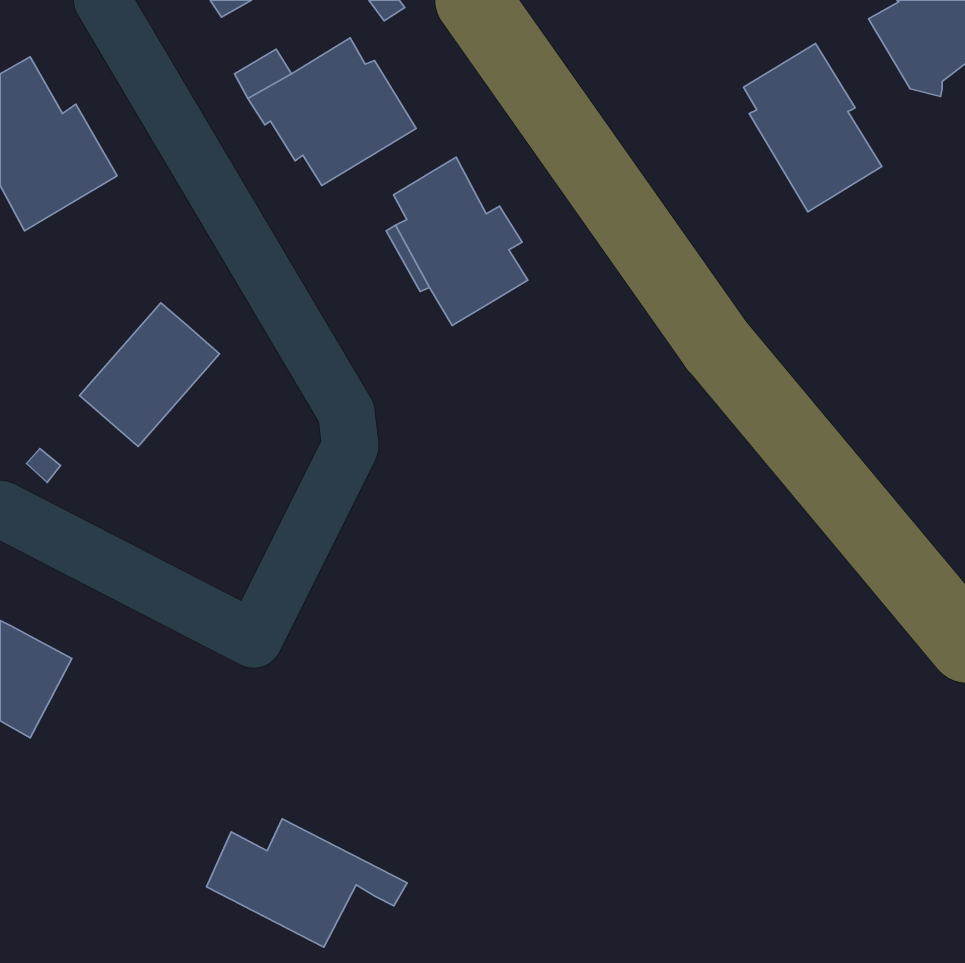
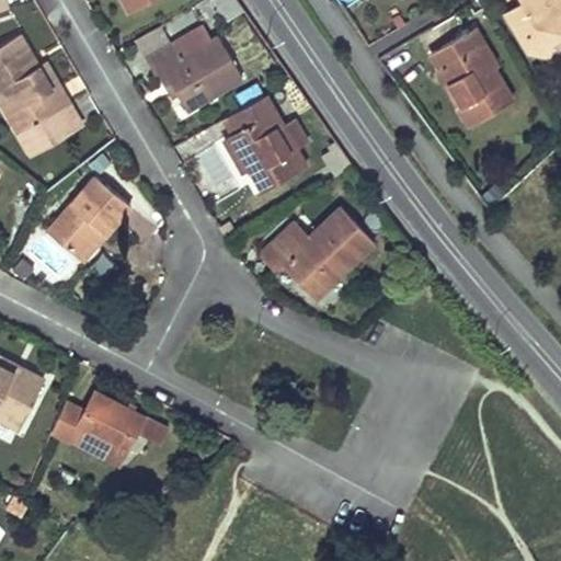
building: none -> [15,104,82,157]
building: none -> [260,209,371,298]
building: [207,819,407,947] -> [50,393,167,468]

